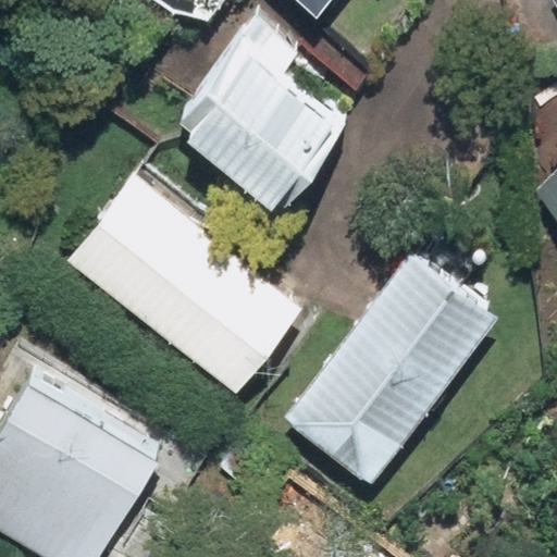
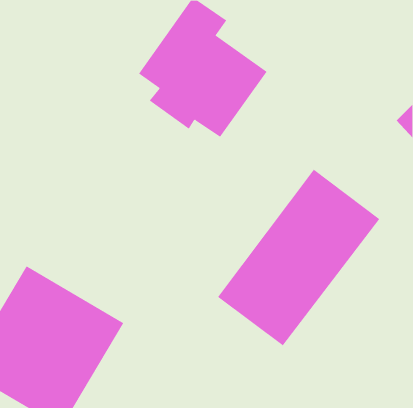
building: [69,169,306,385] -> none

